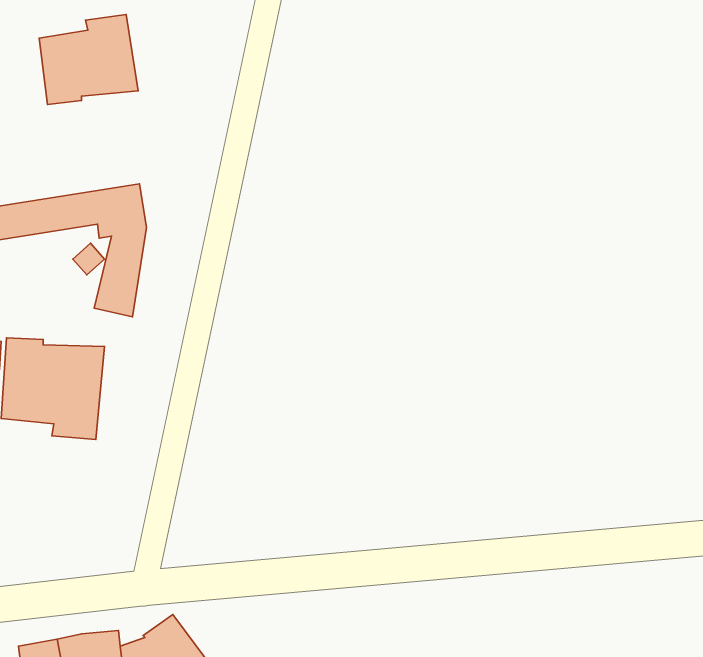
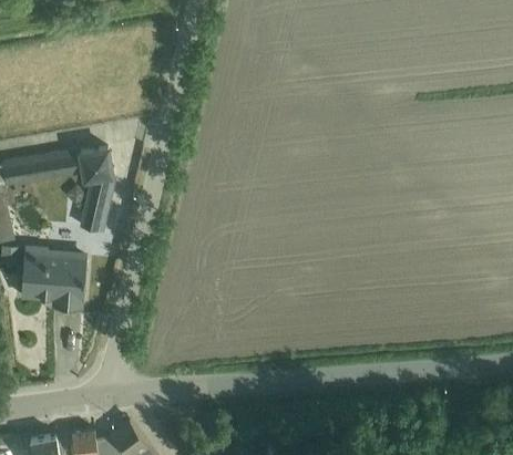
building: [39,14,138,105] -> none

